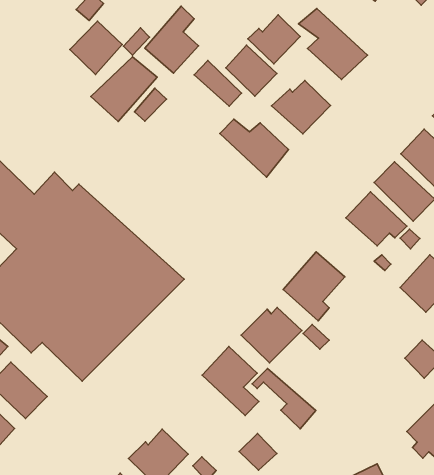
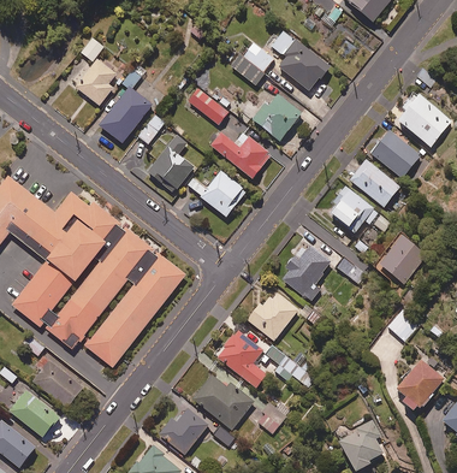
building: [145,6,199,73] -> [149,135,195,193]
building: [226,45,277,96] -> none
building: none -> [188,172,247,220]
building: none -> [194,374,254,428]

